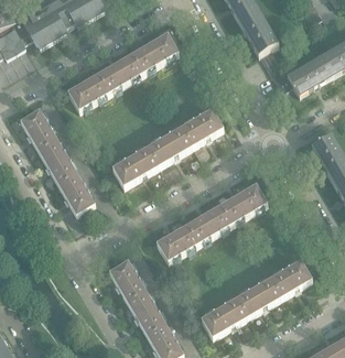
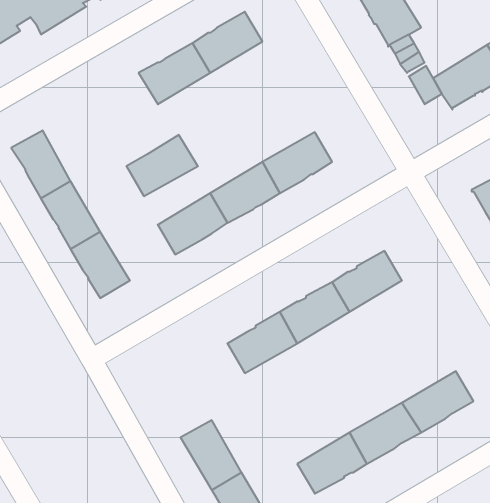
building: [67,70,112,109] -> [126,135,198,196]
building: [109,259,147,301] -> none

